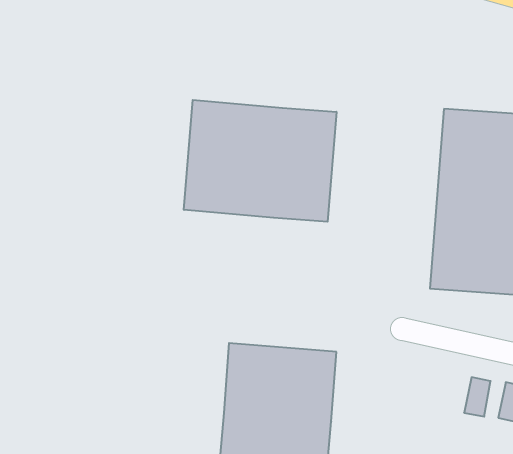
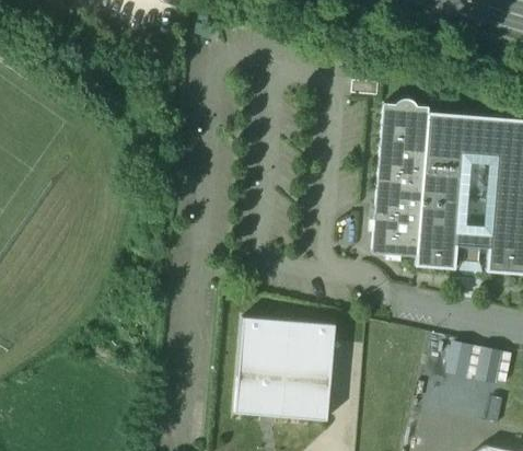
building: none -> [372,97,429,255]
building: [184,100,336,222] -> none

